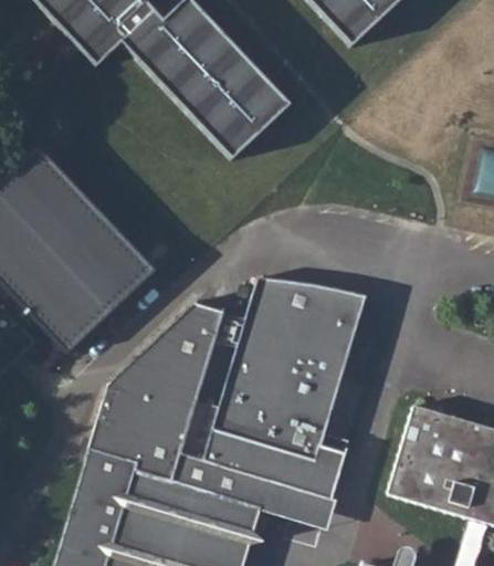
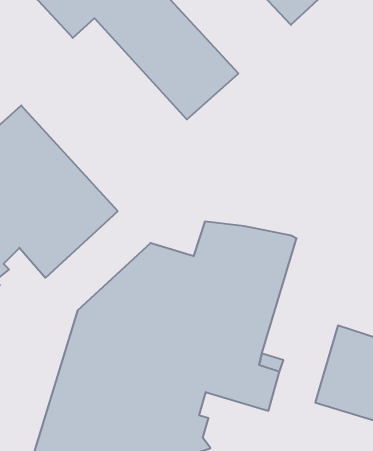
building: [250,482,332,532] -> none

